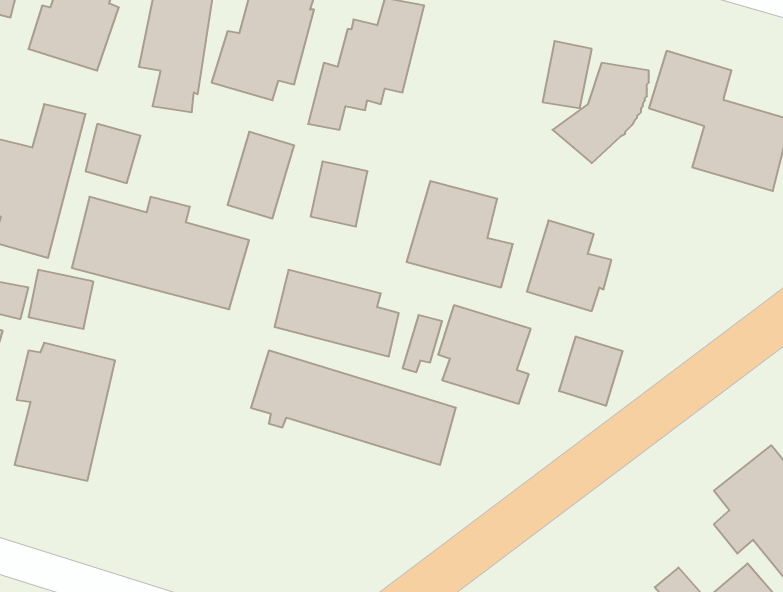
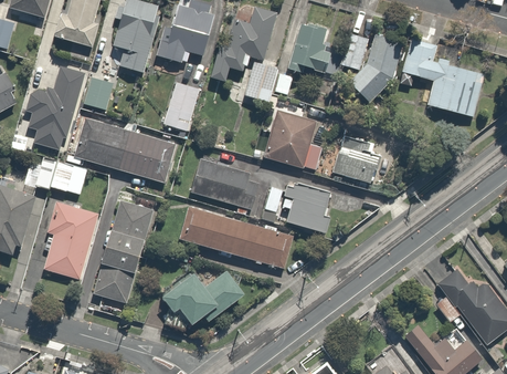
building: none -> [288,21,328,73]
building: [311,161,368,227] -> [245,65,277,102]
building: [559,336,623,406] -> none
building: none -> [94,200,154,303]
building: none -> [157,270,243,330]

